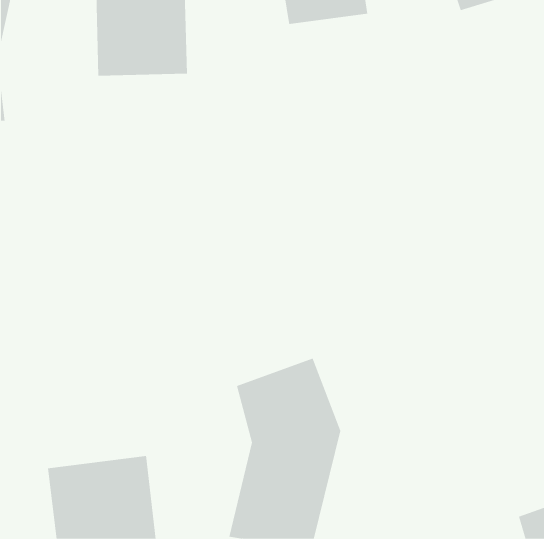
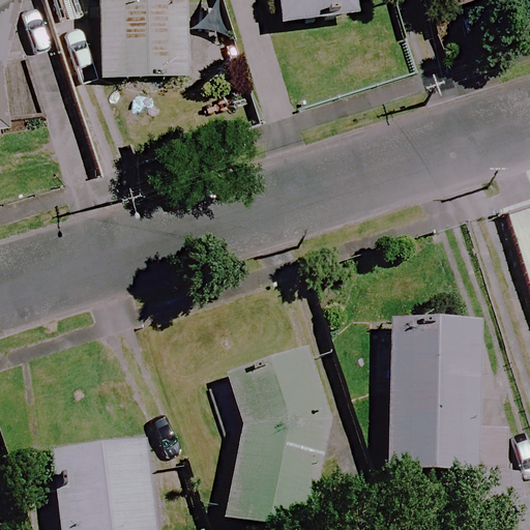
building: none -> [390,311,481,466]

